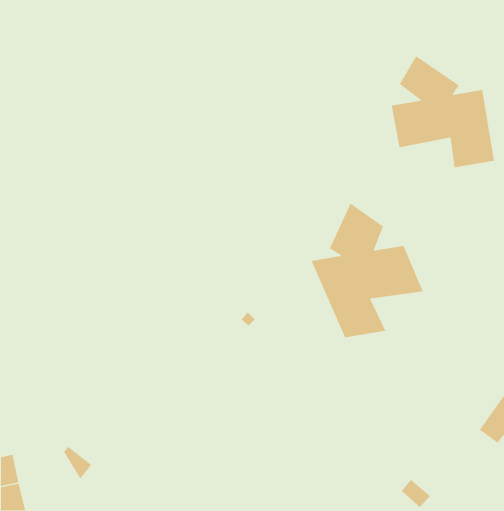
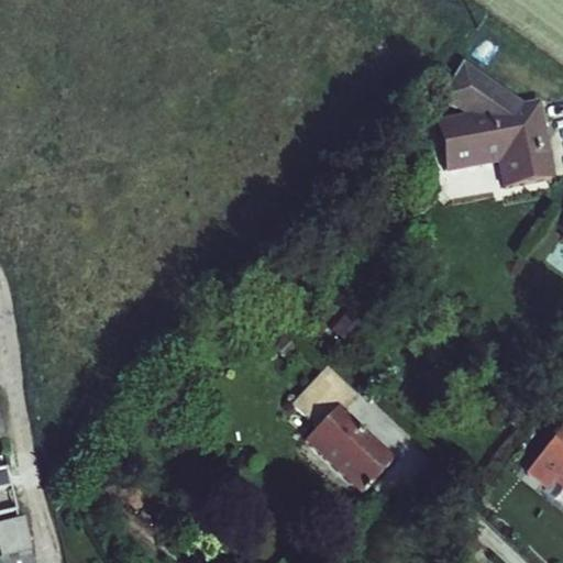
building: [310,203,424,338] -> none
building: none -> [290,371,393,492]

